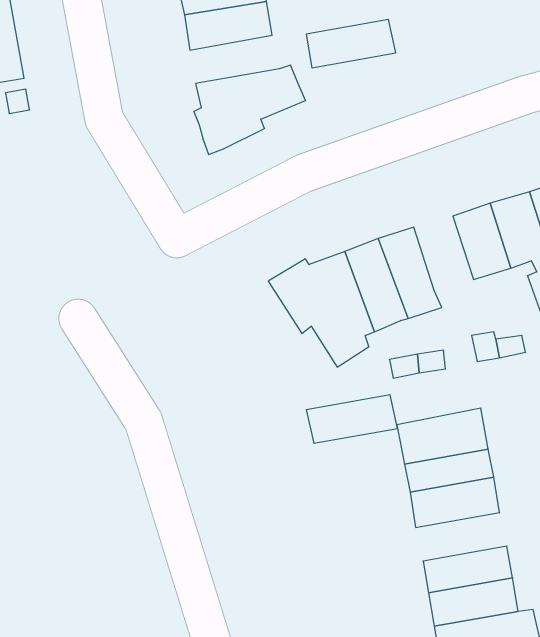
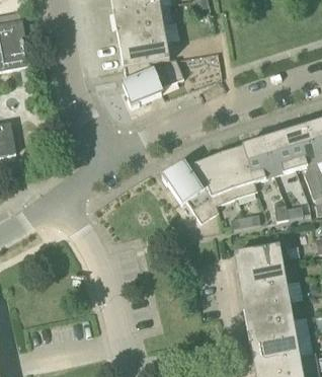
building: [306,19,396,68] -> [122,42,170,68]
building: none -> [243,140,275,180]
building: [306,395,398,443] -> [244,301,294,327]

